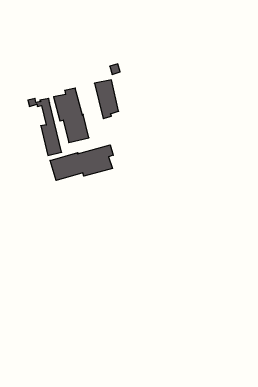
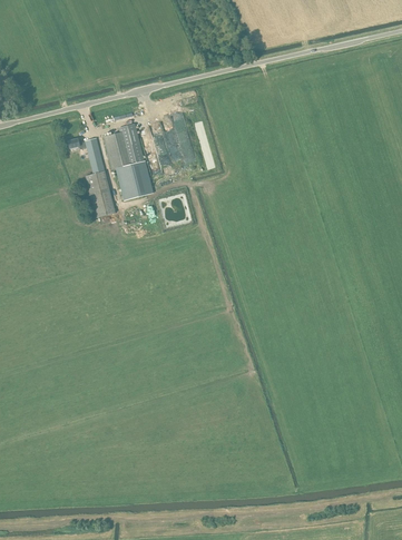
building: [50,145,113,180] -> none

